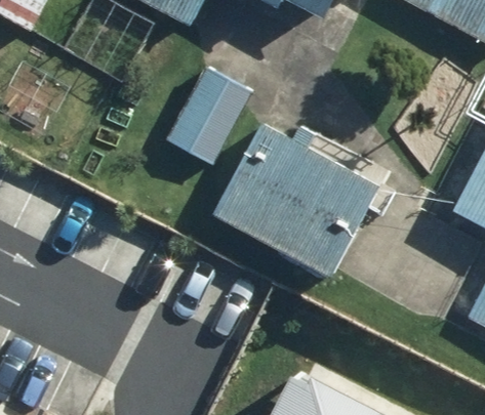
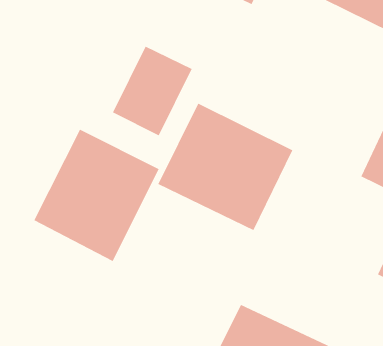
building: none -> [34,129,159,262]

